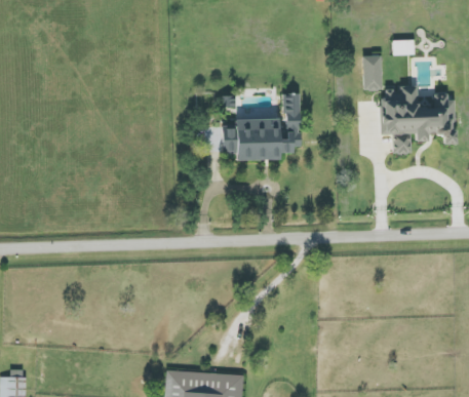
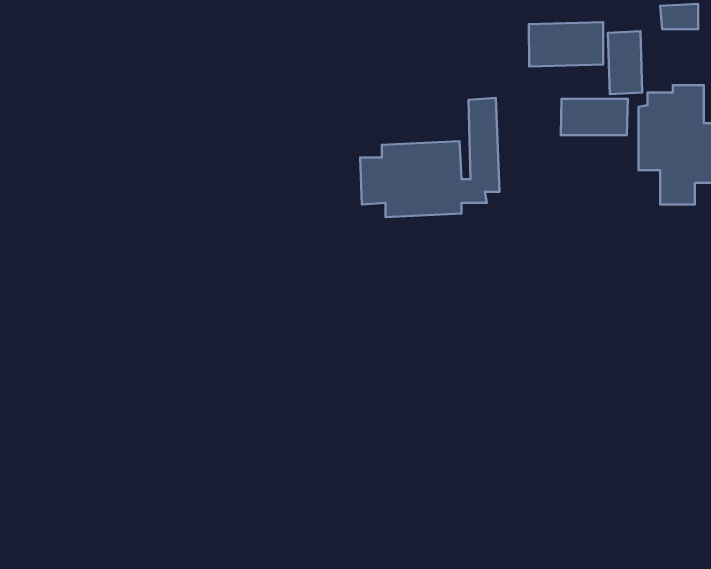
building: none -> [529,22,603,67]
building: none -> [561,99,628,135]

